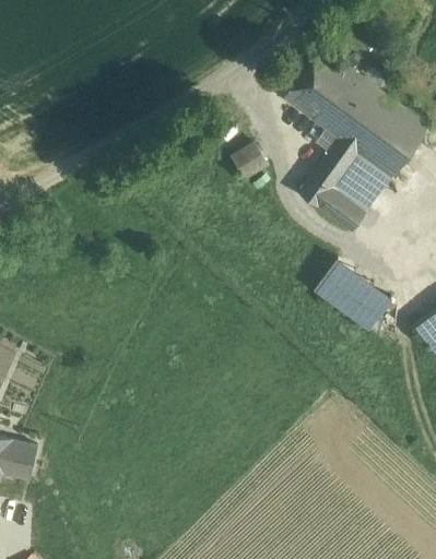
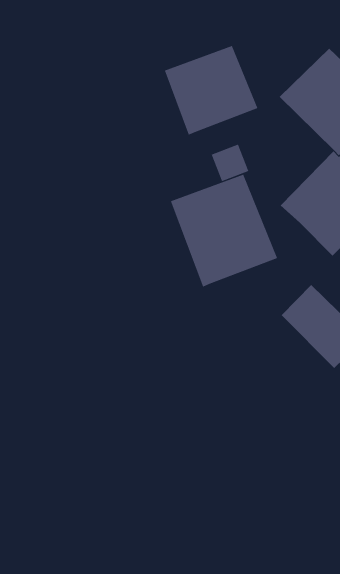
building: none -> [164,45,258,136]
building: none -> [170,174,278,287]

